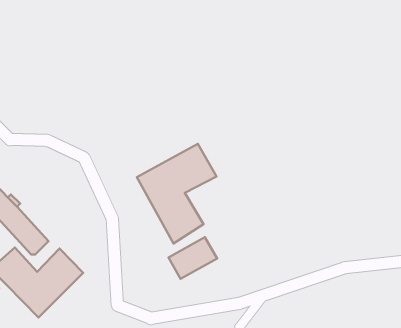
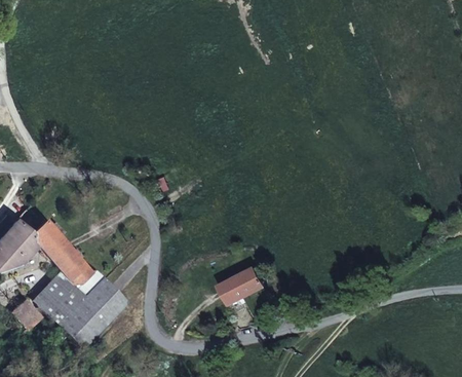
building: [137,144,216,243] -> none

